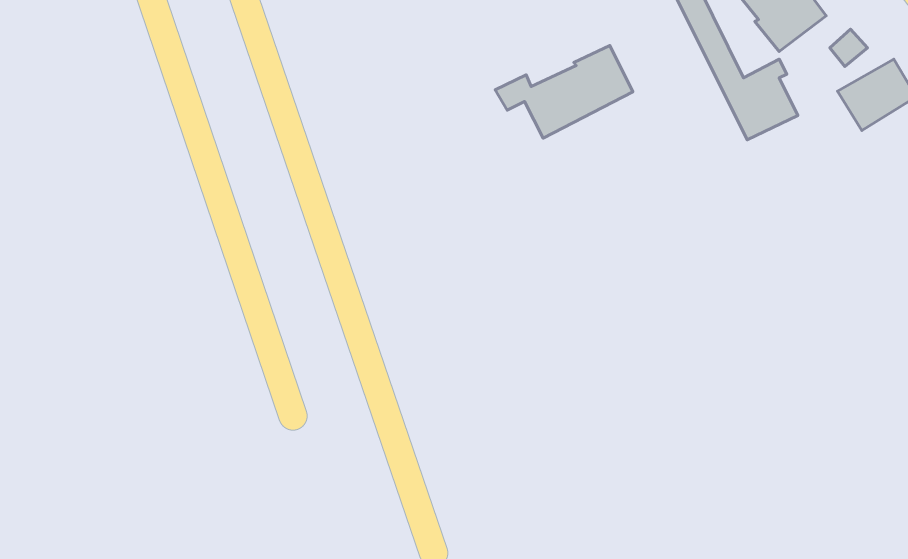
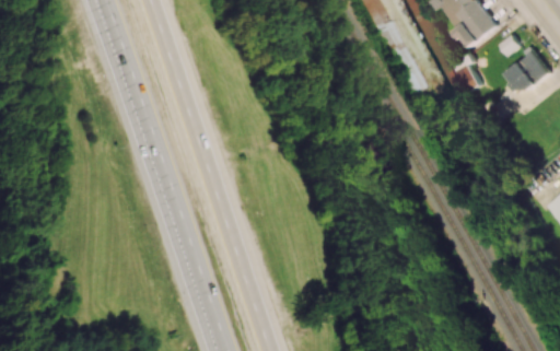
building: [495,46,633,138] -> none

